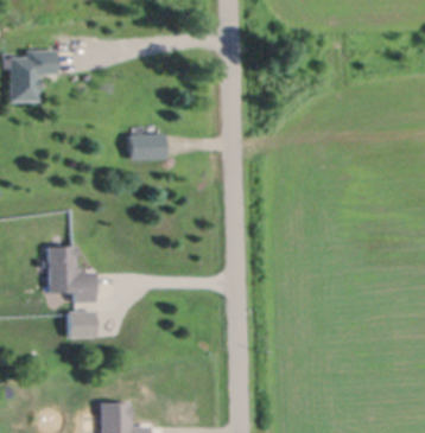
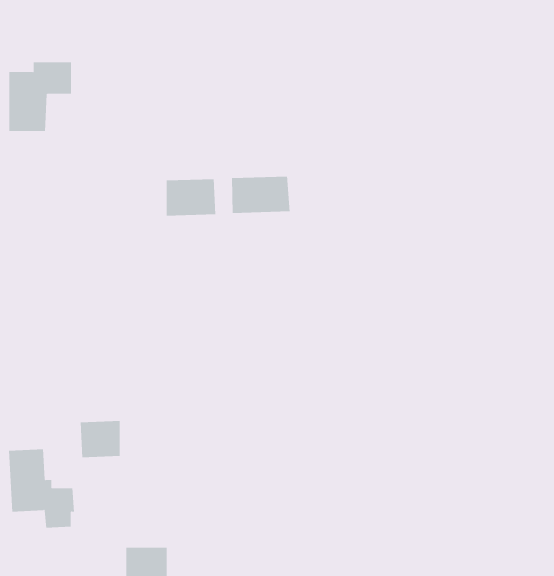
building: none -> [232,176,290,214]
building: [49,244,97,303] -> [8,449,75,528]

